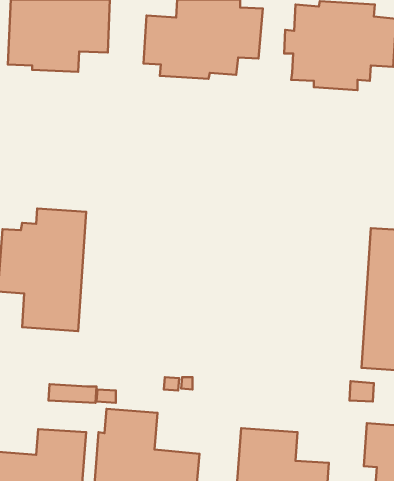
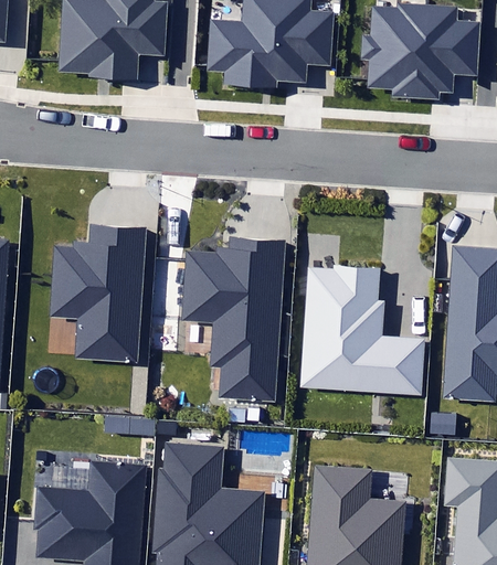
building: none -> [180,235,284,402]
building: none -> [299,265,425,395]

